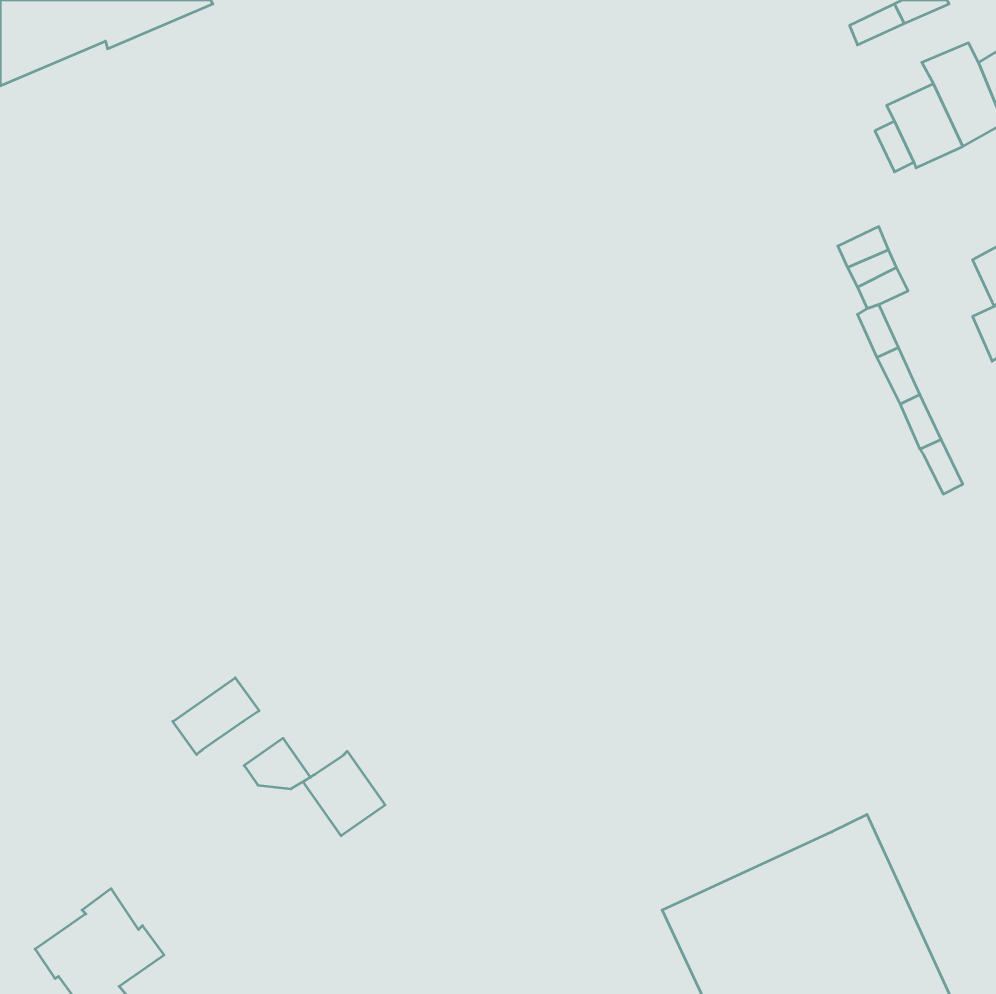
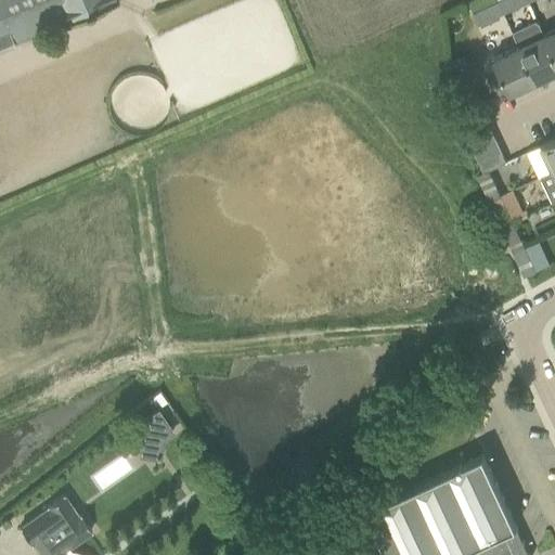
building: [173,678,259,755] -> none
building: [303,751,385,836] -> none

